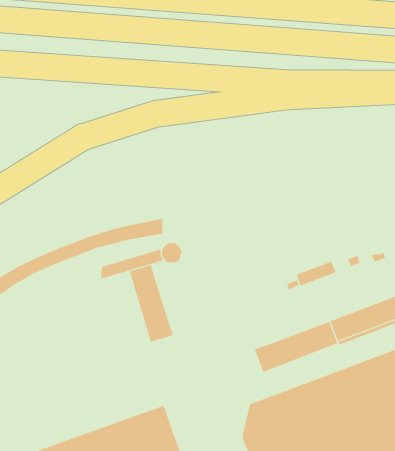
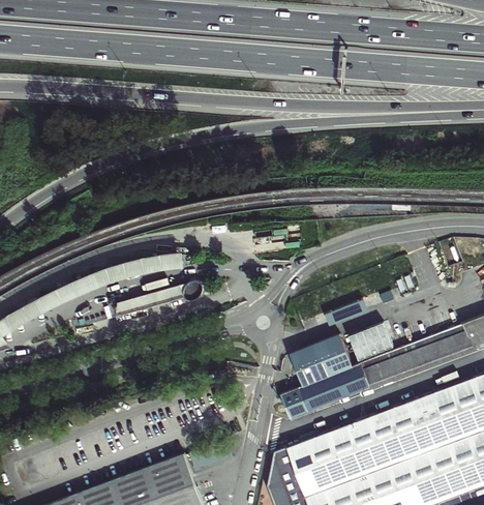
building: [129,264,173,342] -> none
building: none -> [351,323,395,361]
building: none -> [292,333,353,385]

